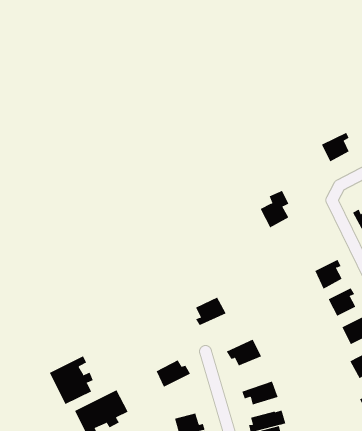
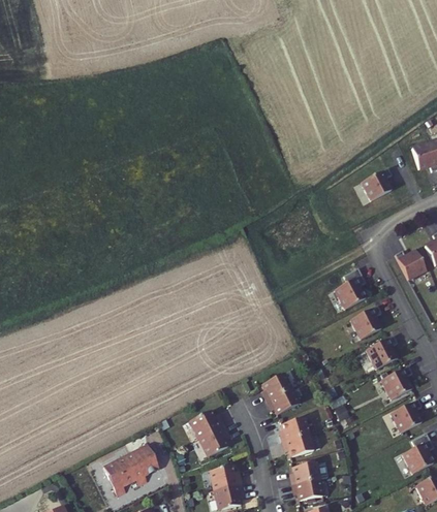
building: [260,190,289,228] -> [339,267,370,308]
building: [195,297,226,326] -> [258,372,291,403]
building: [49,355,93,405] -> none
building: none -> [277,415,312,445]
building: none -> [196,426,230,458]

